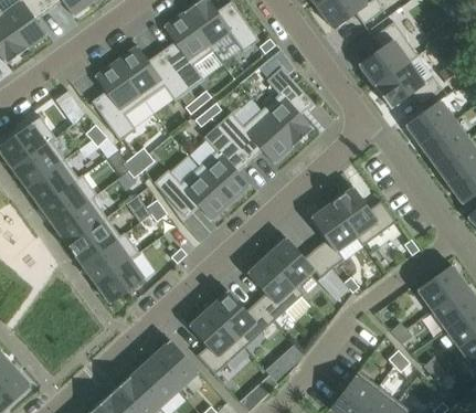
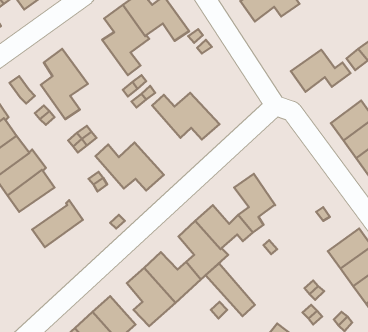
building: [358,22,419,86] -> none
building: [116,45,190,102] -> none
building: [261,67,314,146] -> none
building: [405,99,454,145] -> none
building: [198,125,251,203] -> none
building: [332,187,395,246] -> none
building: [67,218,121,265] -> none
building: [96,260,145,305] -> none
building: none -> [206,264,255,316]

